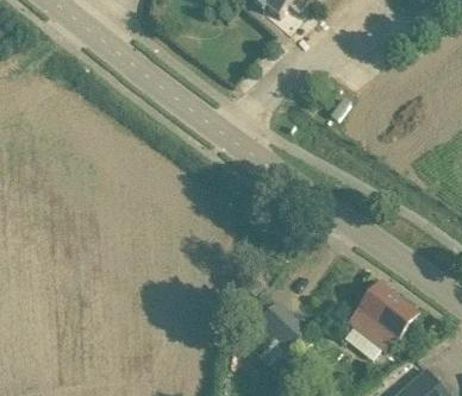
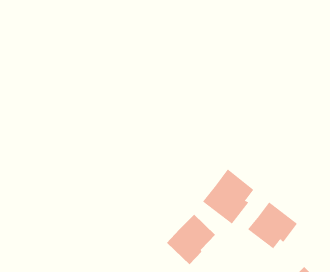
building: none -> [202,169,254,225]

